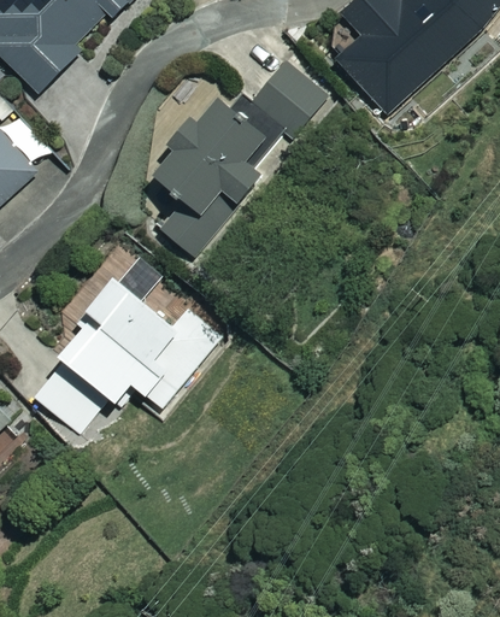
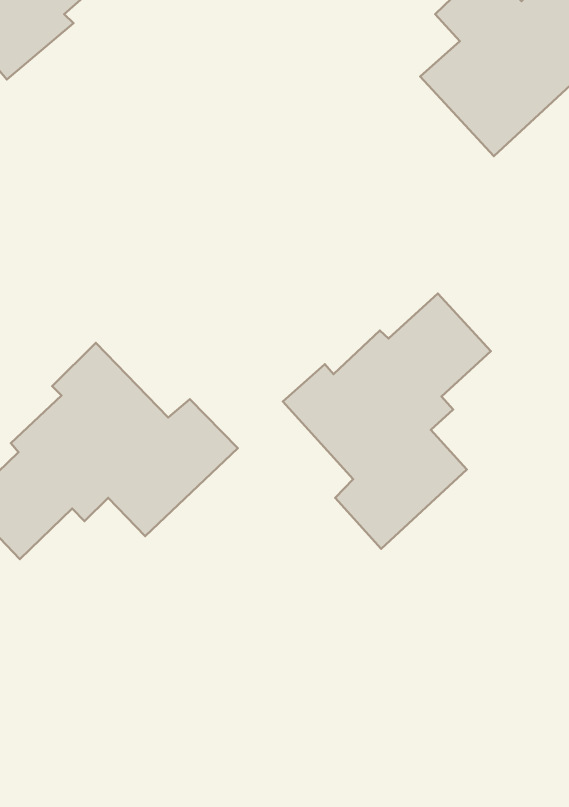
building: [152,65,327,254] -> none
building: none -> [283,293,491,549]

